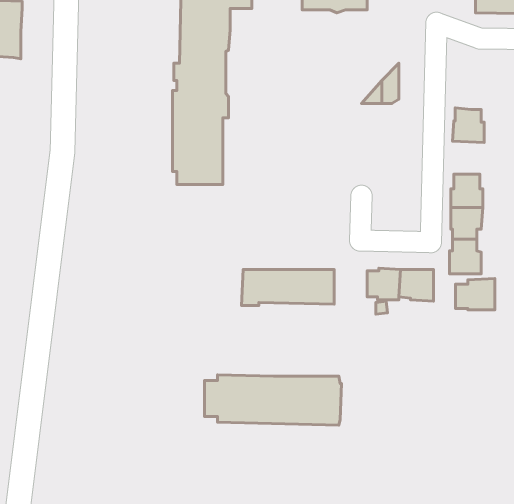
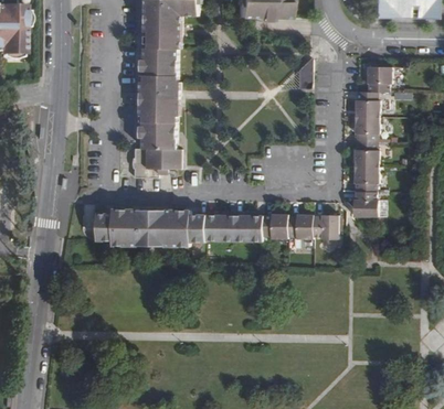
building: none -> [364,66,390,92]
building: none -> [353,116,378,141]
building: none -> [131,149,181,177]
building: none -> [263,213,288,237]
building: [455,279,495,310] -> none
building: [204,375,342,425] -> [88,207,193,246]

